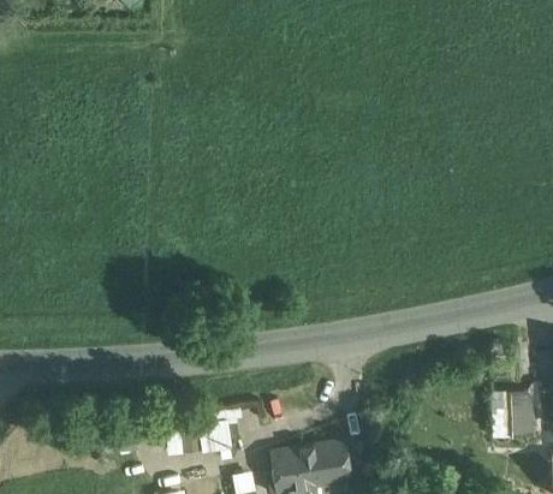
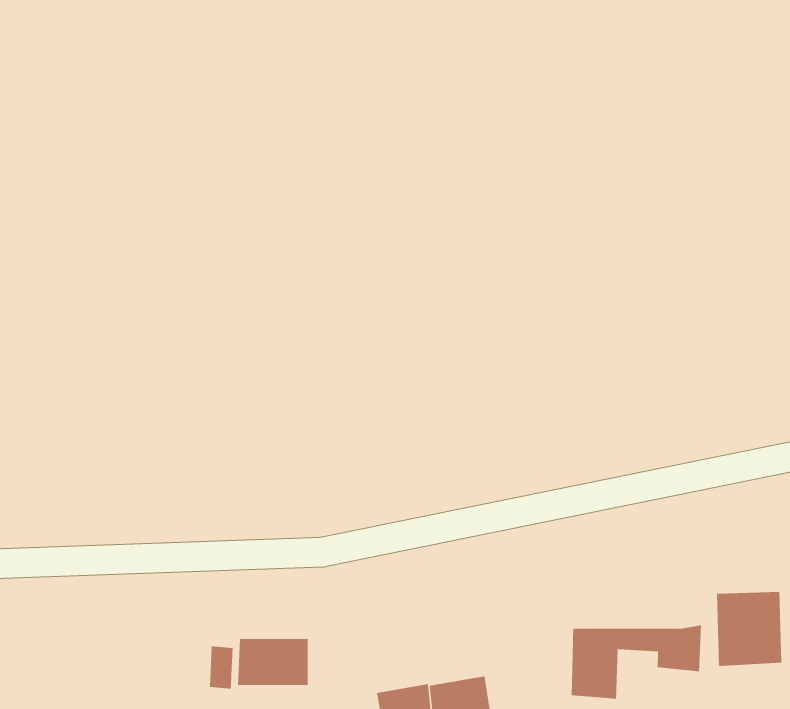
building: none -> [571,625,701,699]

